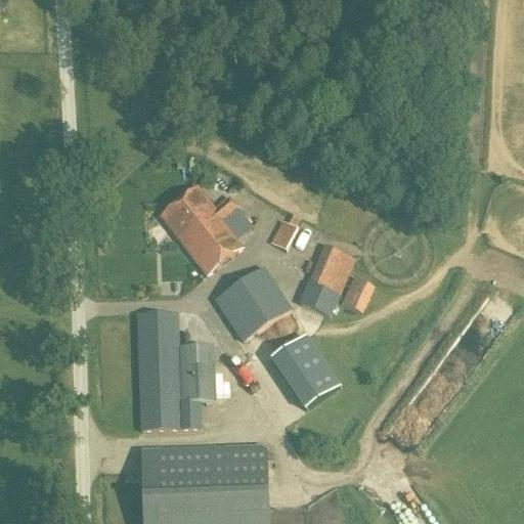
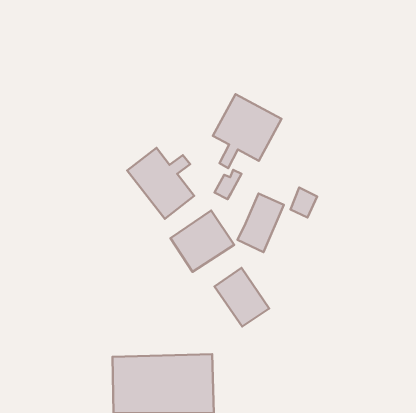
building: none -> [213,94,281,168]
building: [341,274,375,312] -> [290,187,317,218]
building: [136,311,215,429] -> none

